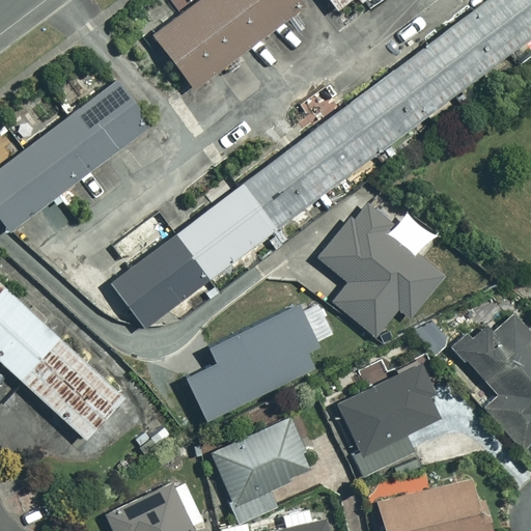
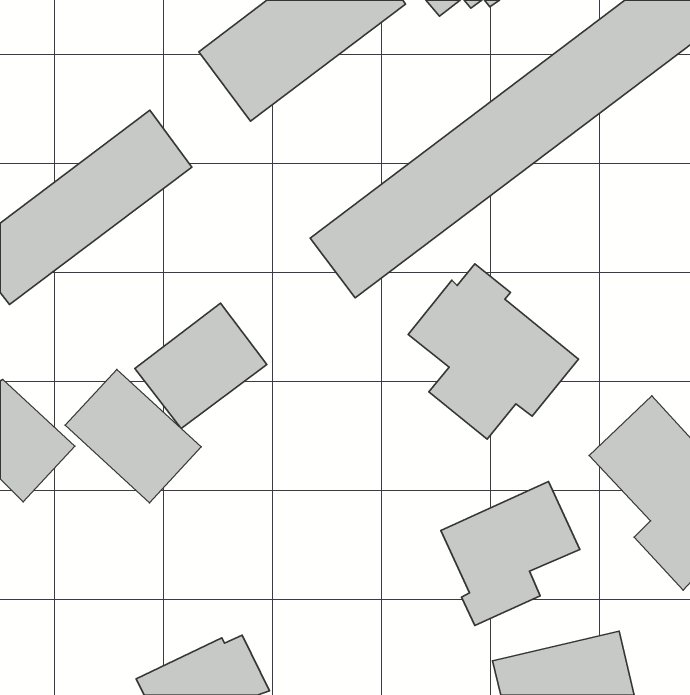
building: [172,181,275,278] -> none
building: [183,302,317,419] -> none
building: [22,340,125,442] -> [65,369,201,503]
building: [214,421,311,524] -> none

